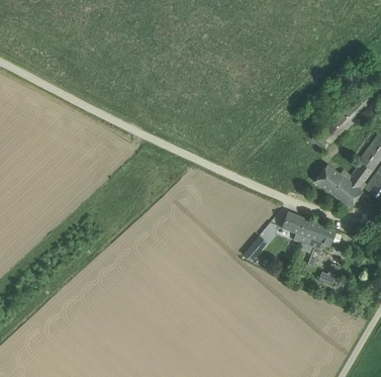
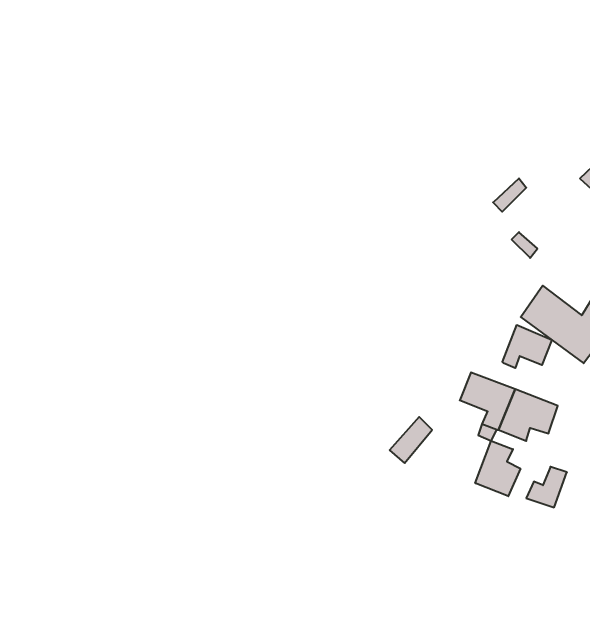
building: none -> [502,325,552,368]
building: none -> [475,441,520,496]

